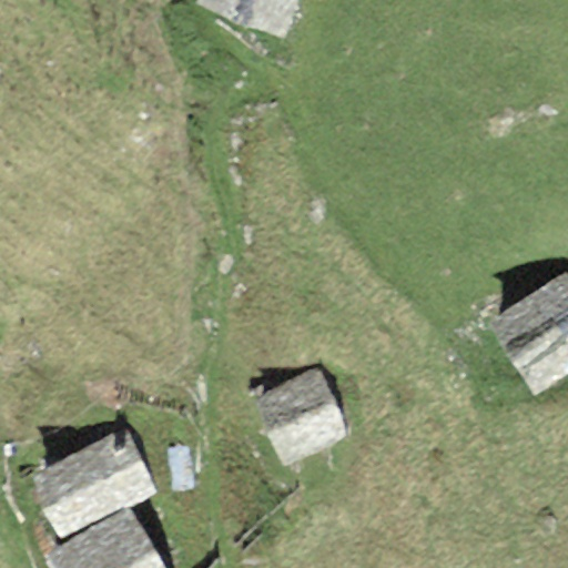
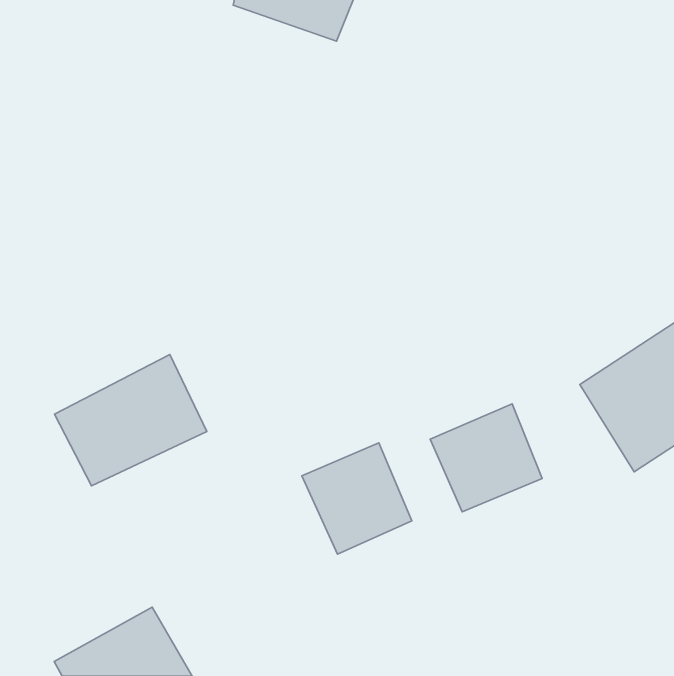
building: none -> [430,404,542,512]
building: [31,427,159,537] -> [54,354,207,486]

